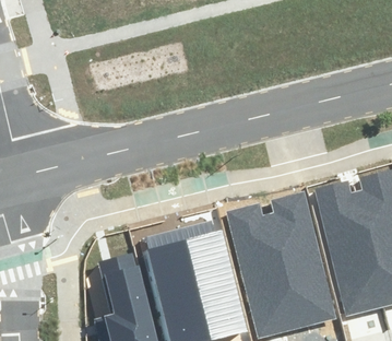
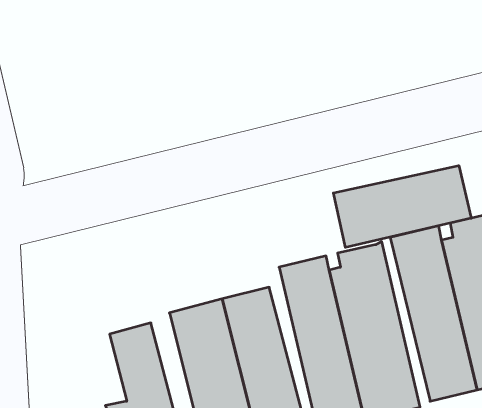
building: none -> [333,166,471,247]

